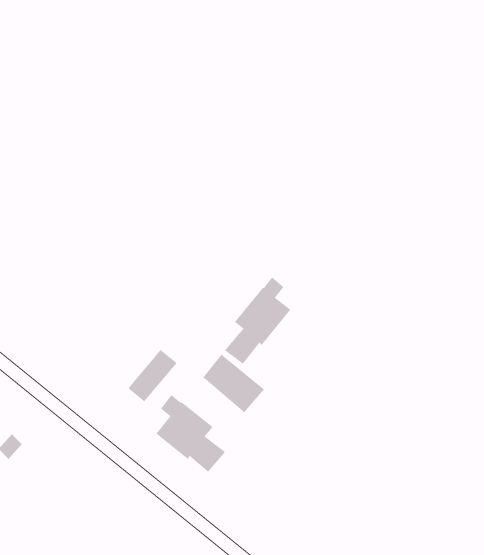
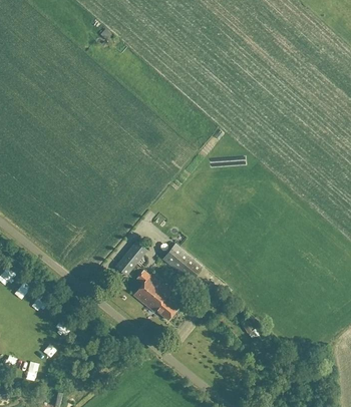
building: [224,277,291,365] -> none

